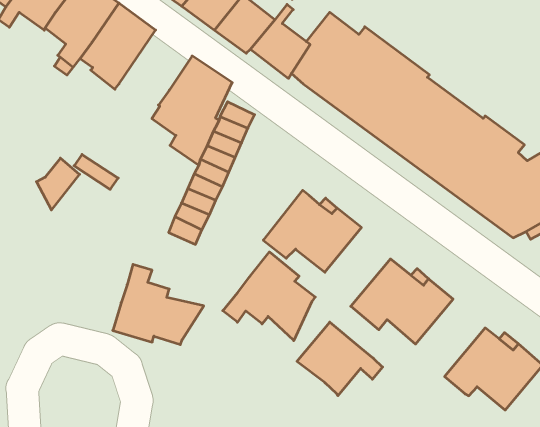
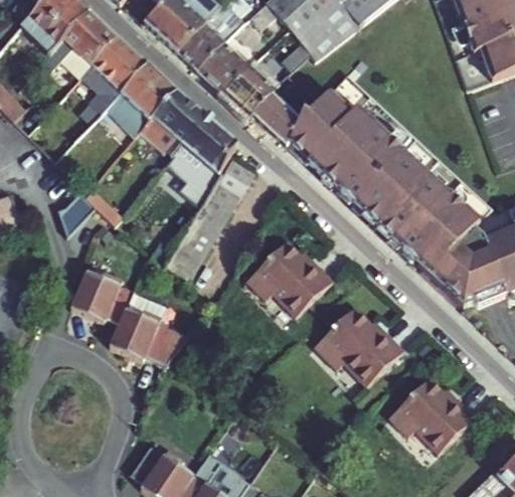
building: none -> [138,88,204,153]
building: none -> [68,268,132,321]
building: [223,252,315,341] -> none
building: [297,322,383,396] -> none

